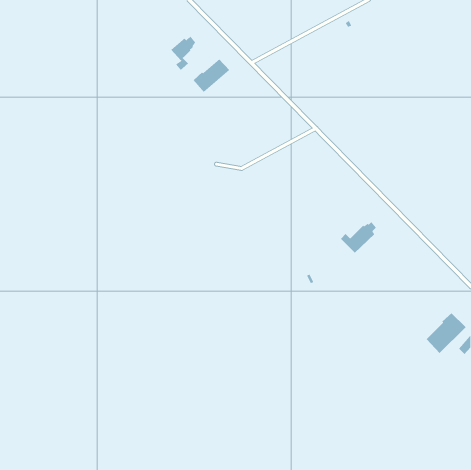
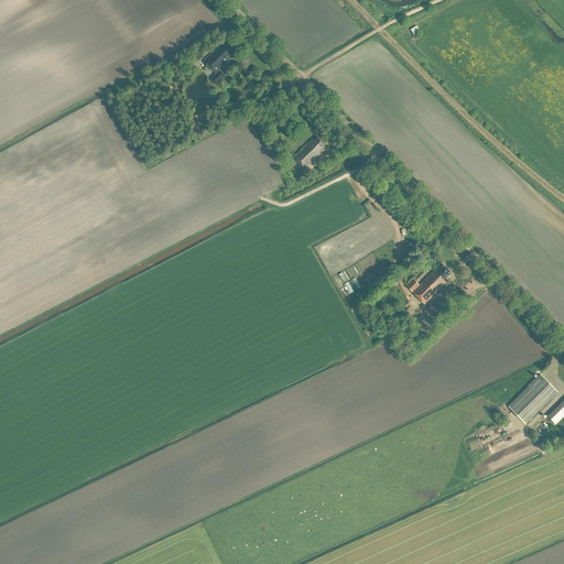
building: [193,58,230,93] -> none
building: none -> [293,137,325,169]

